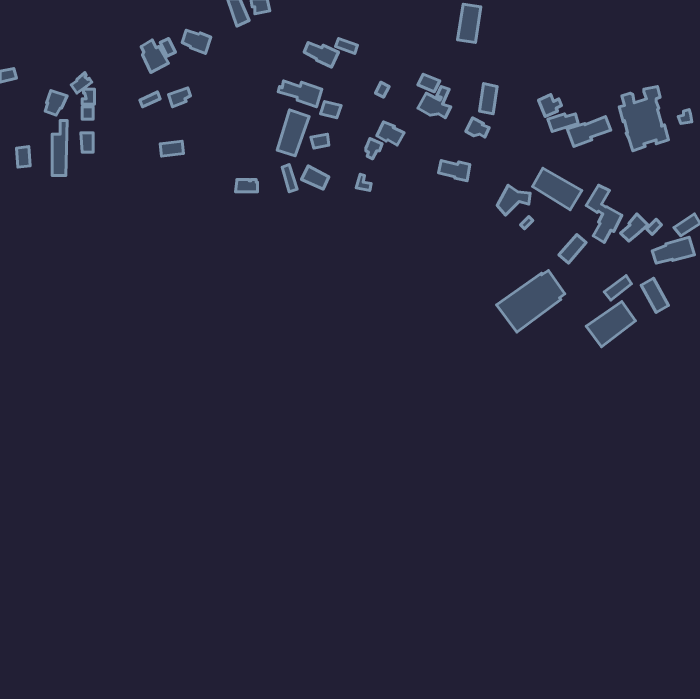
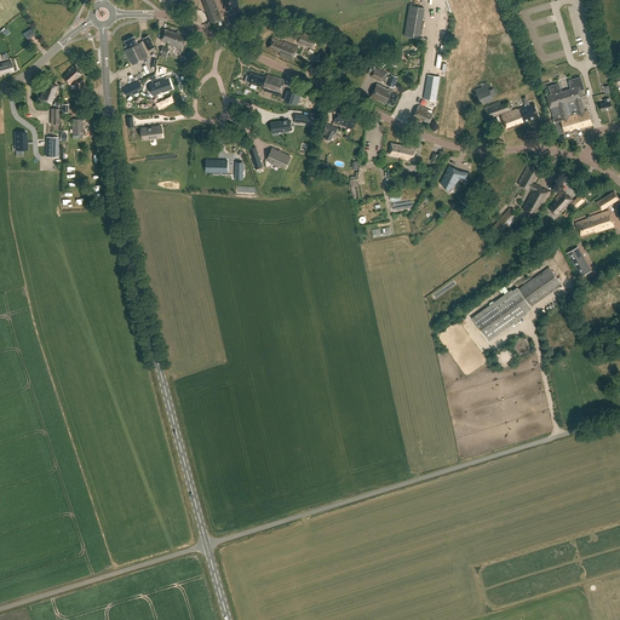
building: [277,110,309,156] -> none
building: [532,168,582,210] -> none
building: [496,271,565,332] -> [471,287,532,341]

